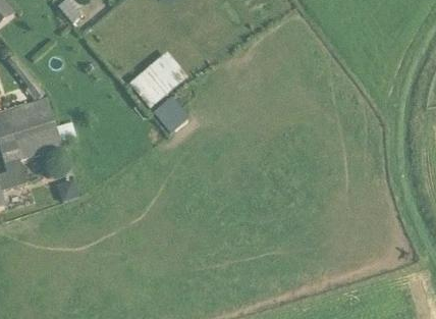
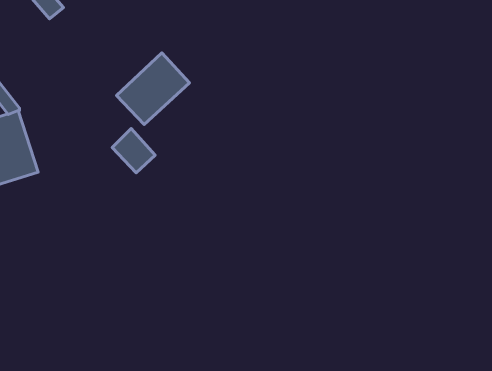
building: [151,94,185,129] -> [112,129,155,173]

